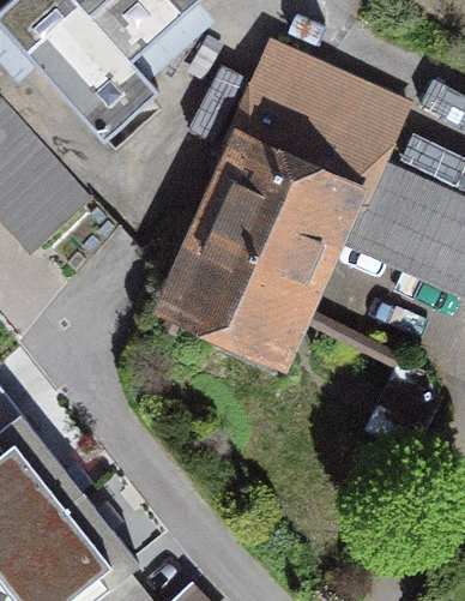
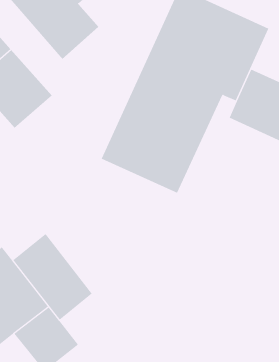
building: none -> [13,233,93,320]

